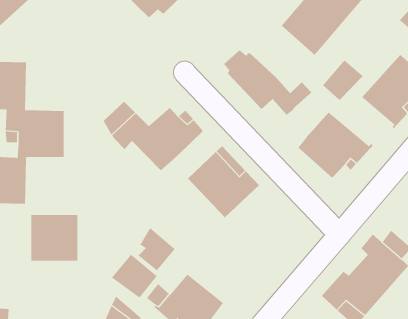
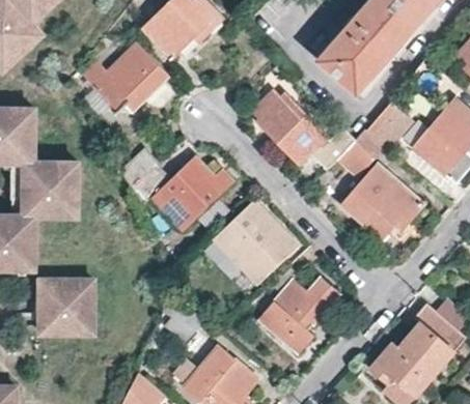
building: none -> [84,44,167,117]
building: none -> [335,132,386,178]
building: none -> [256,263,336,355]
building: [111,254,158,298] -> none

